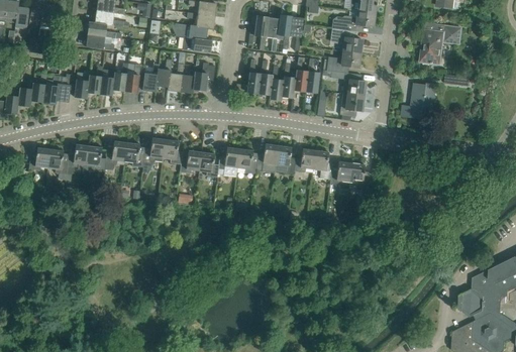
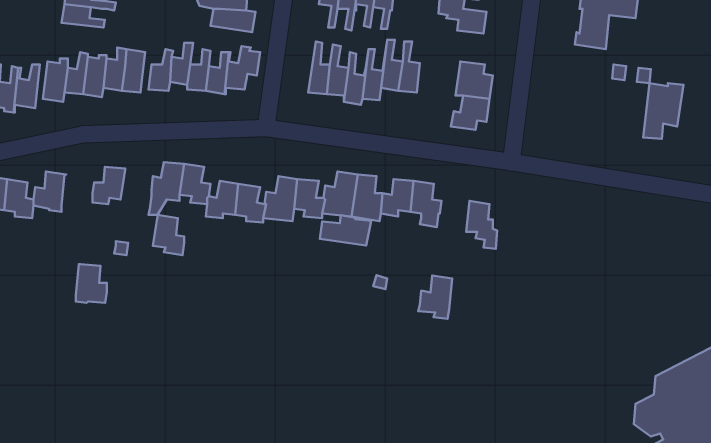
building: [327,51,360,73] -> none
building: [410,82,436,118] -> [643,83,683,139]
building: [124,141,144,167] -> [153,215,184,255]
building: [86,145,106,170] -> [76,264,107,303]
building: [329,160,351,189] -> [418,275,452,319]
building: none -> [320,215,371,246]

